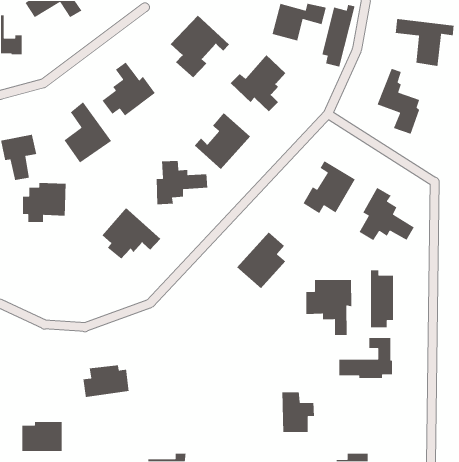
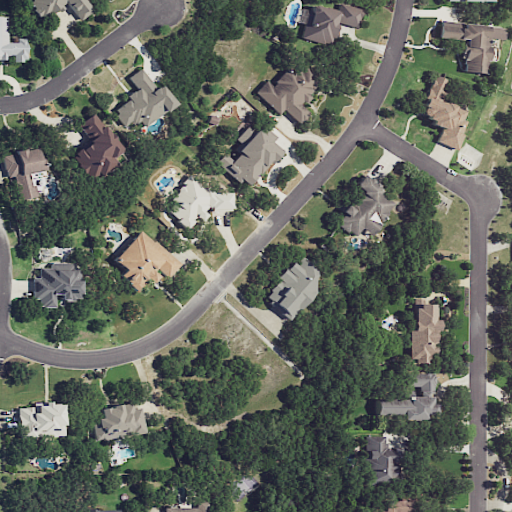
building: [321,4,355,67] -> none
building: [170,15,230,78] -> none
building: [22,182,67,223] -> [35,263,84,308]
building: [358,187,415,241] -> none
building: [305,279,352,336] -> none
building: [281,391,315,433] -> [367,436,404,482]
building: [22,421,62,452] -> [22,403,67,437]

